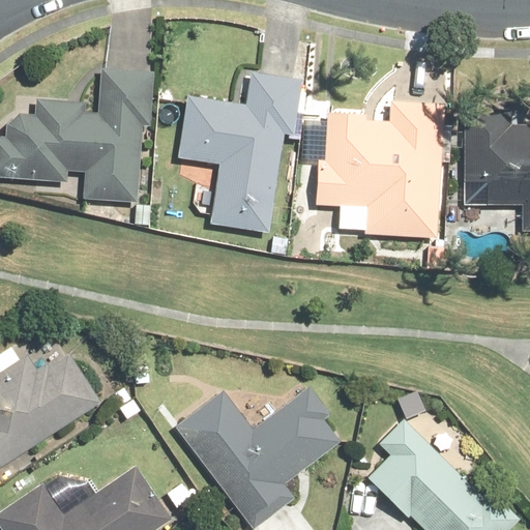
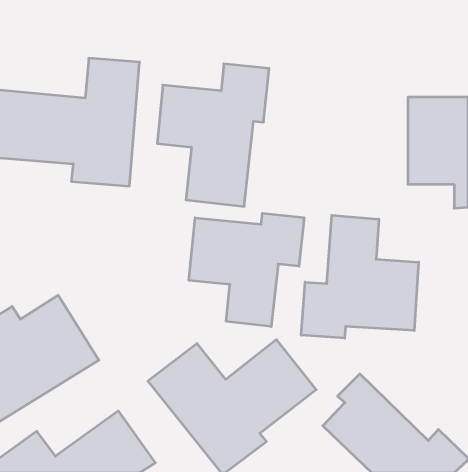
building: [317,96,448,239] -> none
building: none -> [189,213,304,327]
building: none -> [301,215,419,338]

